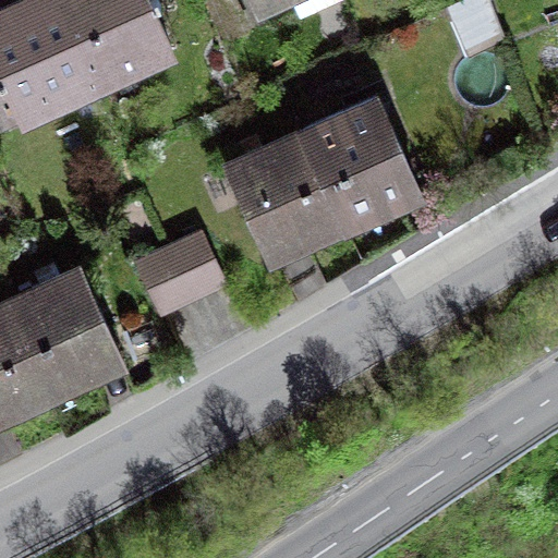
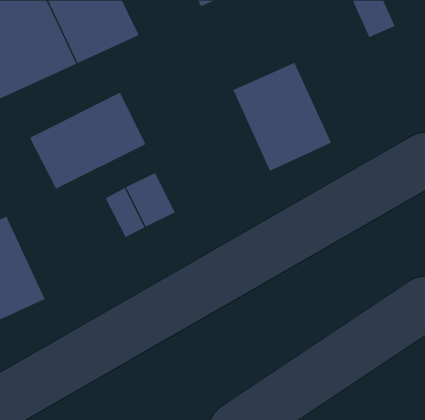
building: [220,129,350,271] -> none
building: none -> [29,92,146,189]
building: [9,263,123,400] -> none

